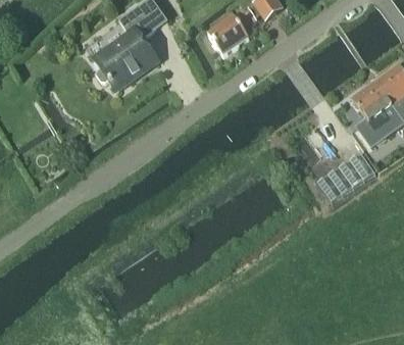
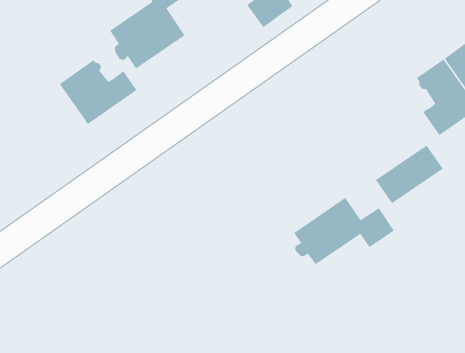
building: none -> [59,59,138,125]
building: none -> [293,197,395,265]

